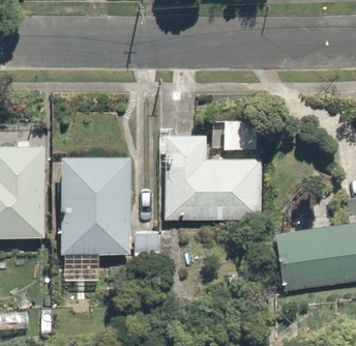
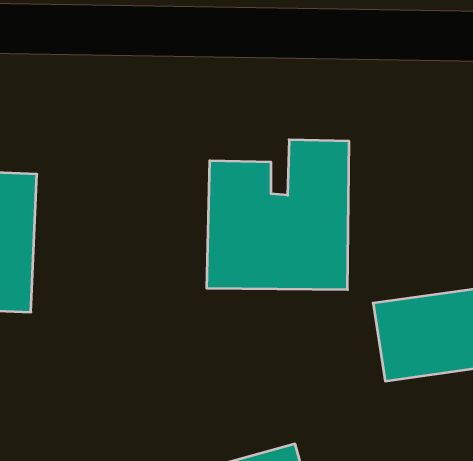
building: [63,161,131,258] -> none

